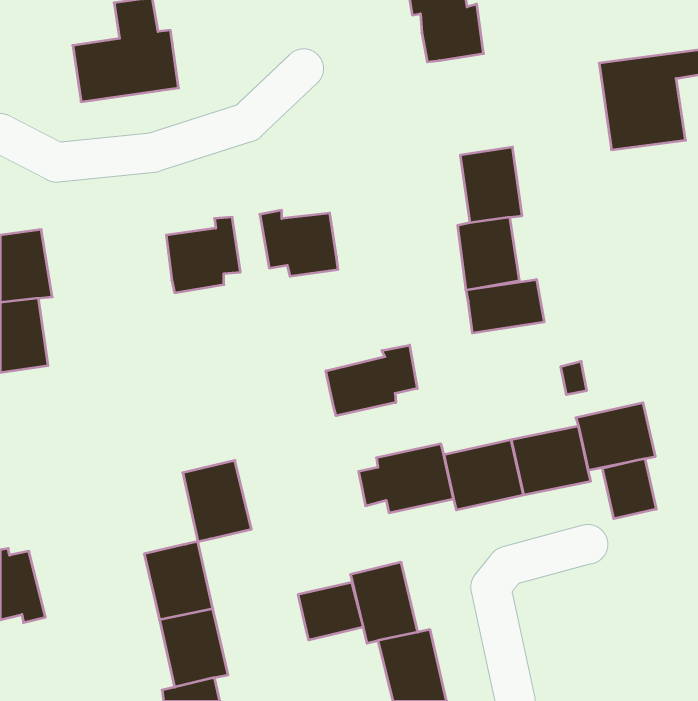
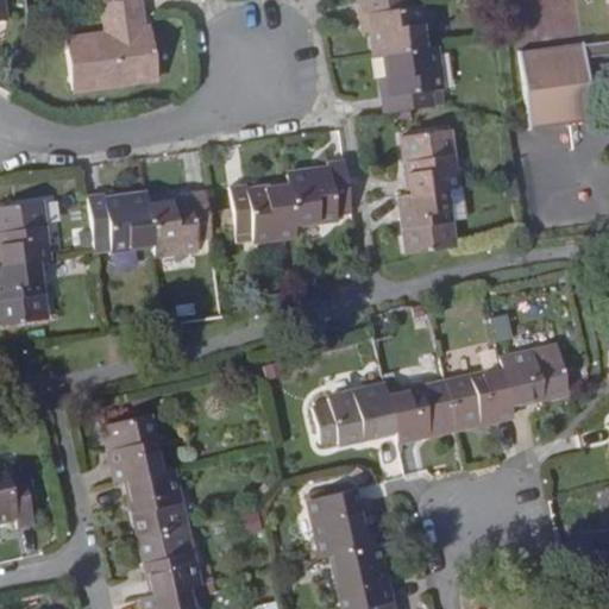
building: none -> [384,45,441,111]
building: none -> [287,157,352,222]
building: none -> [88,192,152,249]
building: [466,279,544,333] -> none
building: [326,345,417,416] -> none
building: [602,459,656,519] -> none
building: [183,460,251,542] -> [105,412,164,482]
building: [298,582,363,640] -> none

